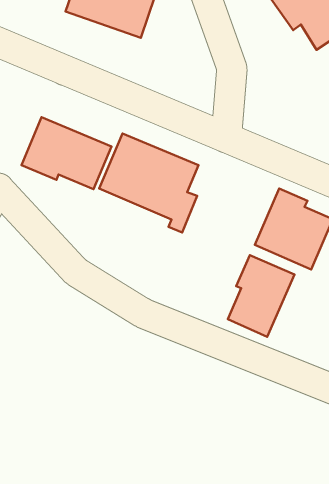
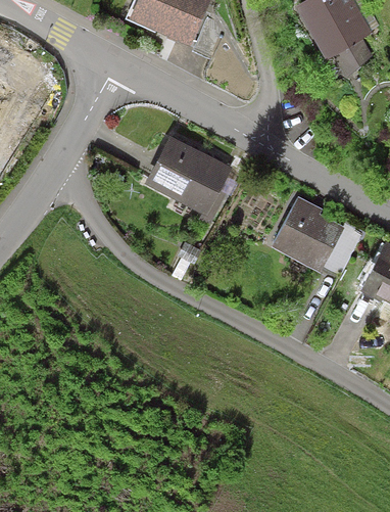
building: [21,117,112,189] -> none
building: [228,255,294,337] -> none

